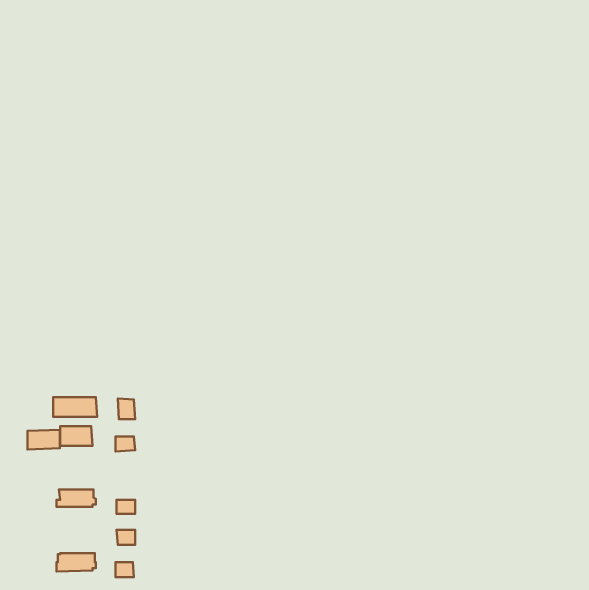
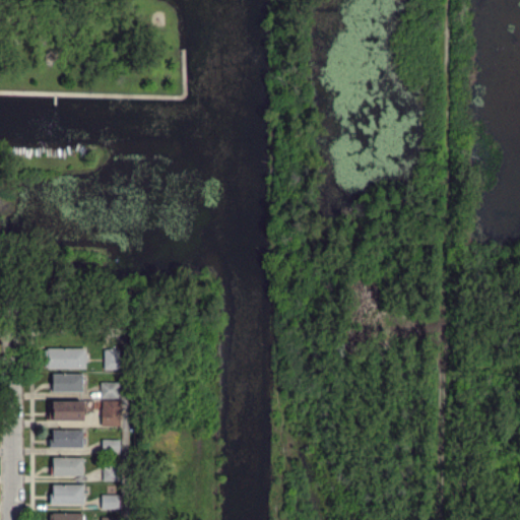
building: [28,430,60,449] -> [54,402,82,419]
building: none -> [103,398,121,425]
building: none -> [51,459,82,474]

